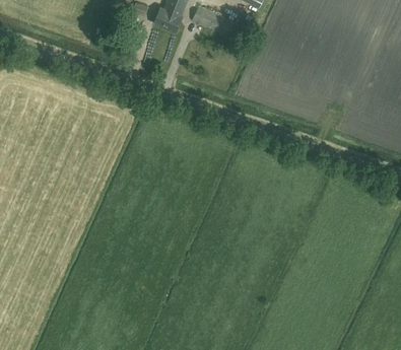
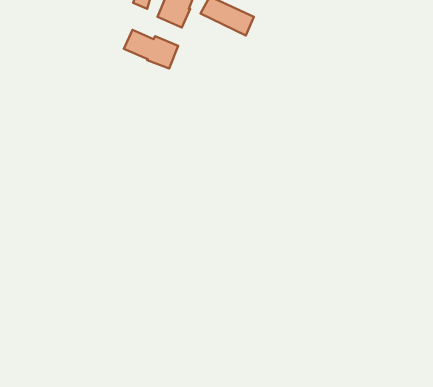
building: none -> [124,30,178,69]

